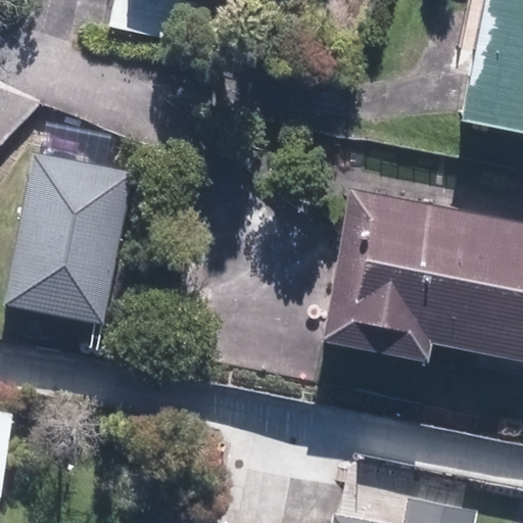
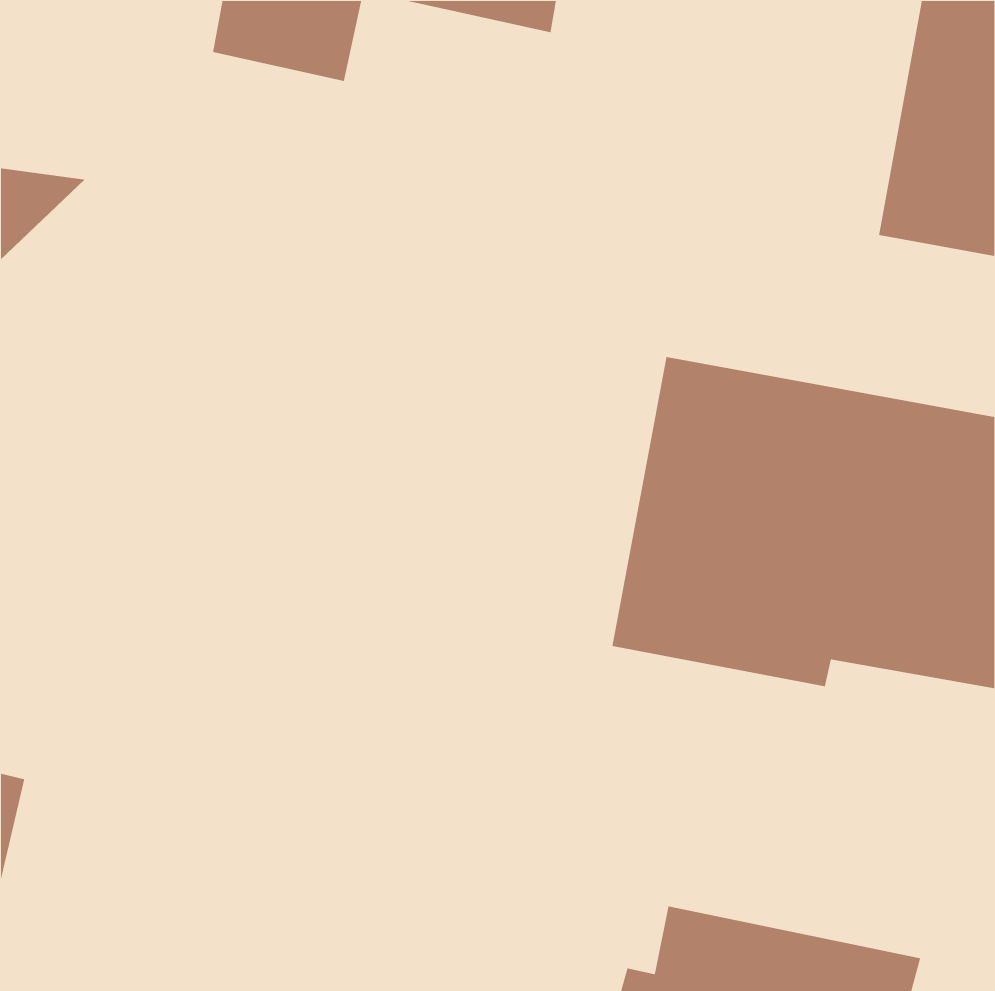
building: [9,156,130,321] -> none

